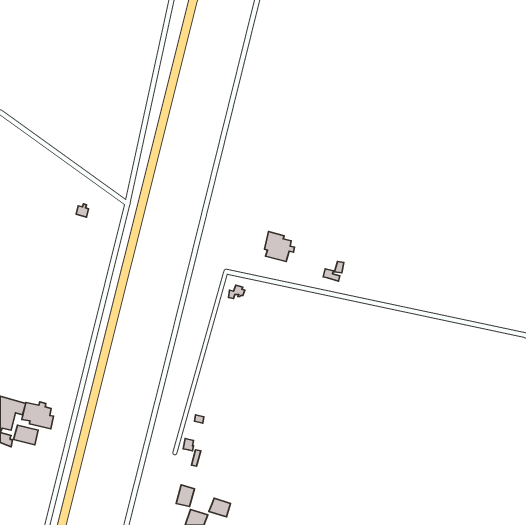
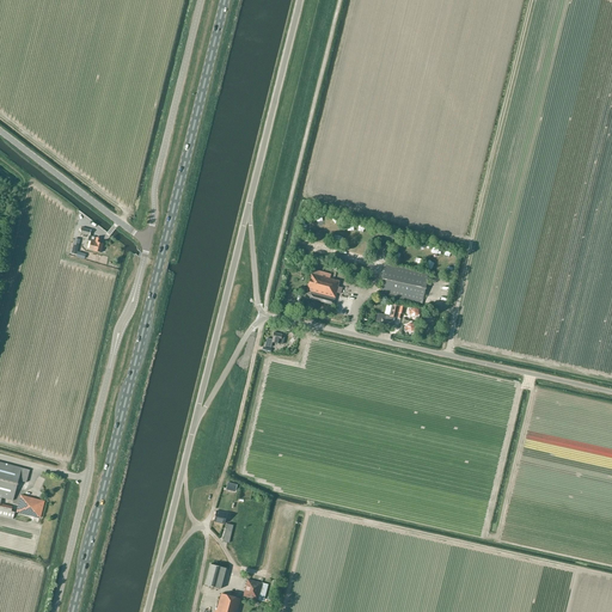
building: none -> [379,263,429,302]
building: [22,402,54,429] -> none

